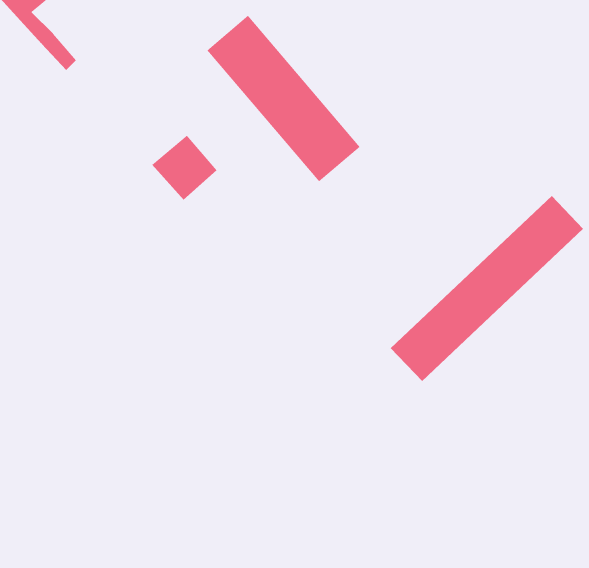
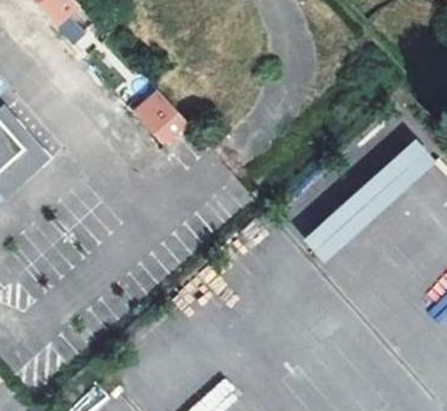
building: [207,15,360,182] -> none

